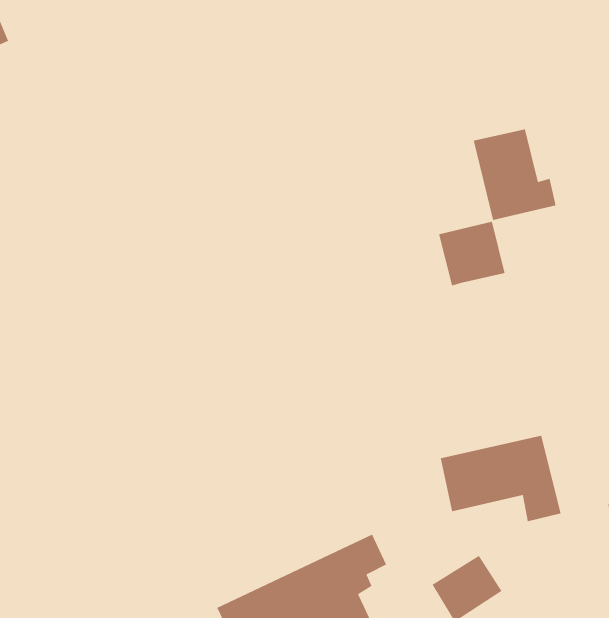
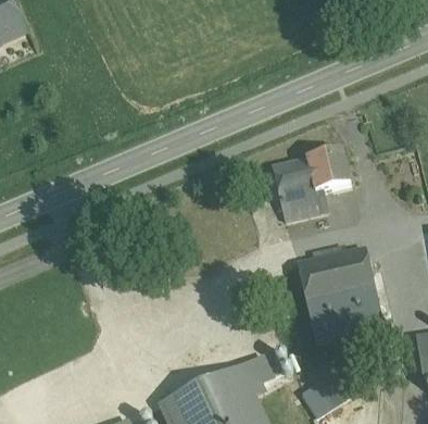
building: [473,129,557,221] -> [272,157,327,217]
building: none -> [298,246,375,304]

